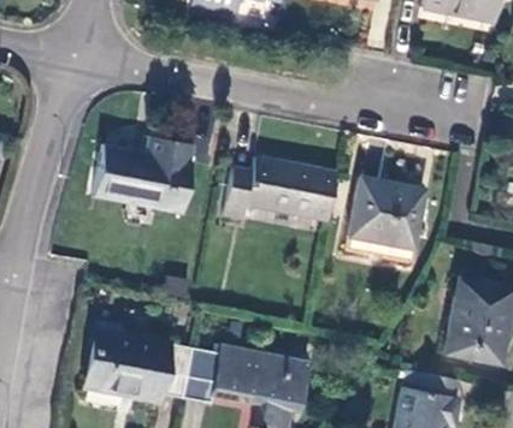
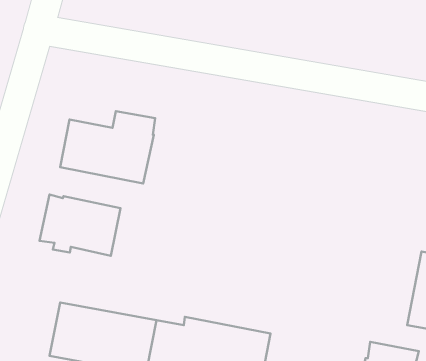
building: [224,156,336,220] -> none
building: [349,178,424,248] -> none
building: none -> [39,194,120,256]

